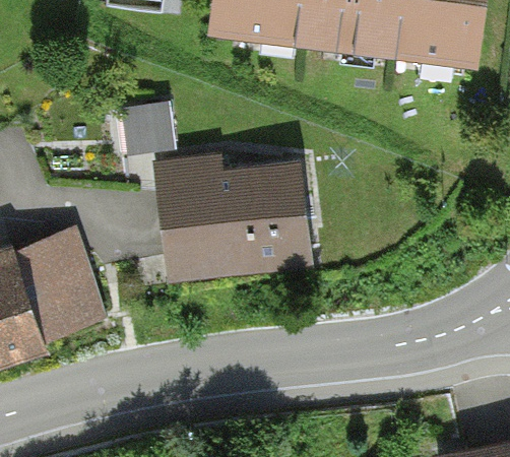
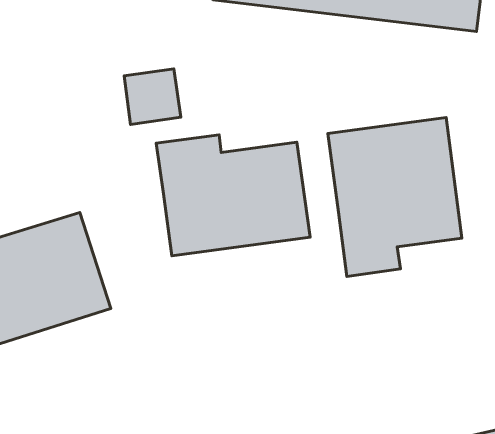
building: none -> [328,117,462,276]

